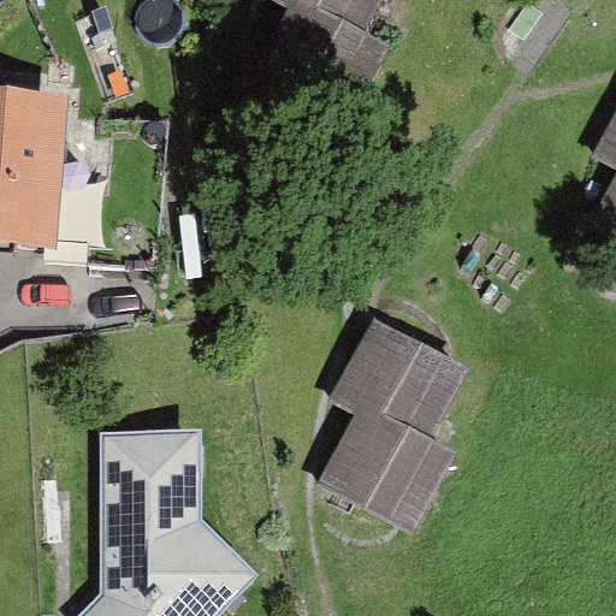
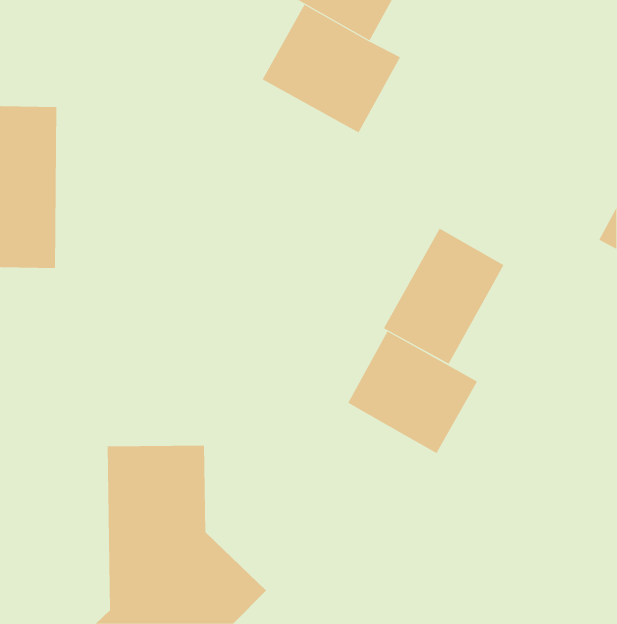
building: none -> [383,228,504,365]
building: [319,403,454,528] -> none

